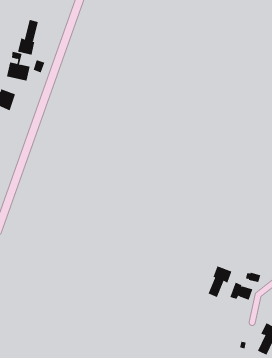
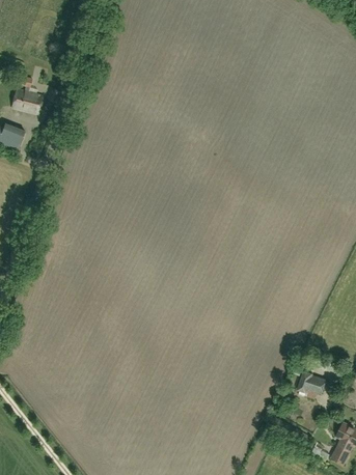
building: [17,19,39,56] -> none
building: [208,266,232,298] -> none

